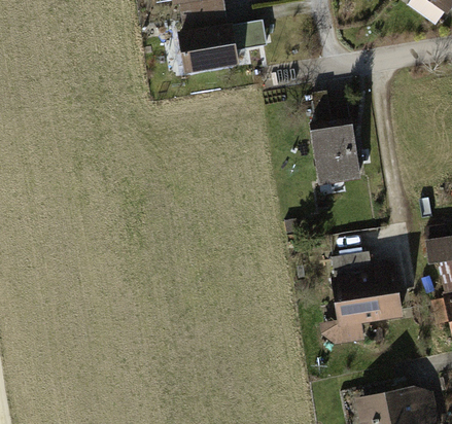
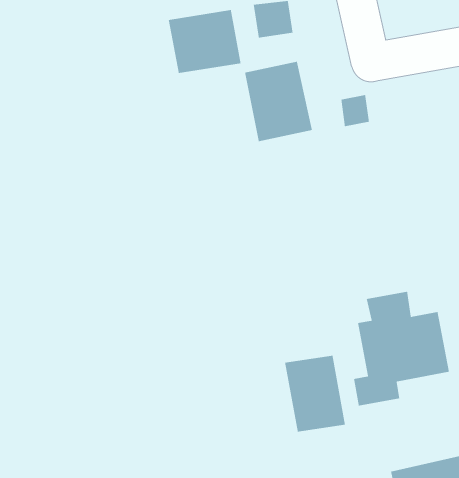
building: [308,123,363,189] -> [244,61,313,142]
building: none -> [284,355,346,432]

